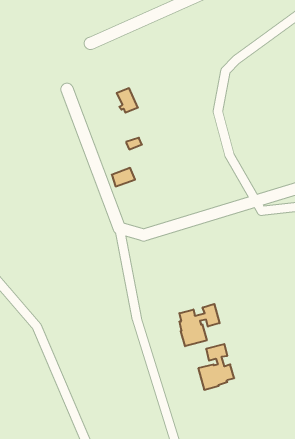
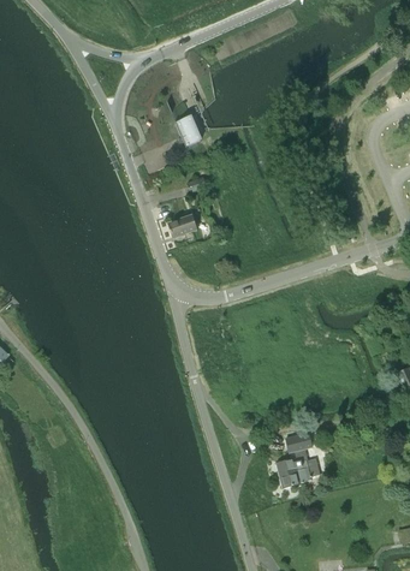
building: [179,304,220,346] -> none

